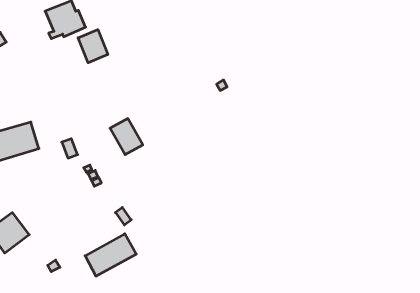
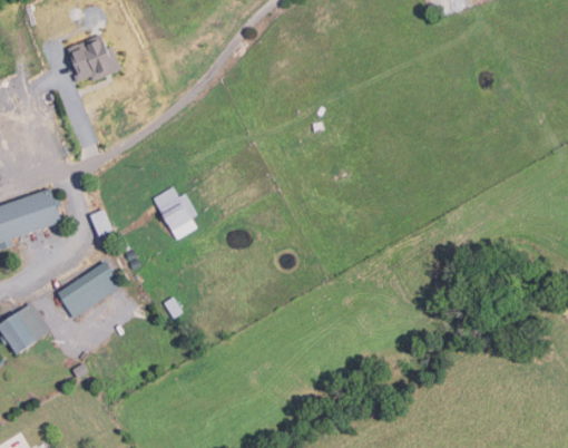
building: [78,30,108,63] -> none
building: [85,234,136,276] -> [56,262,120,315]

